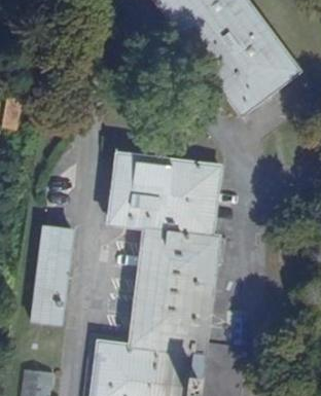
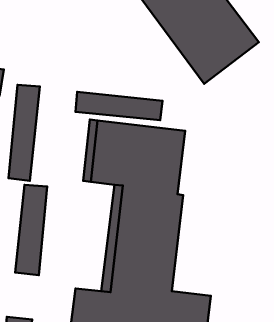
building: none -> [8,85,40,181]
building: none -> [75,92,163,120]

